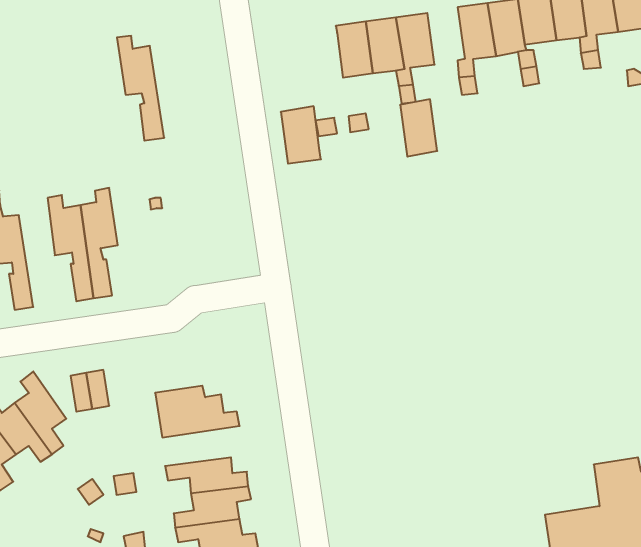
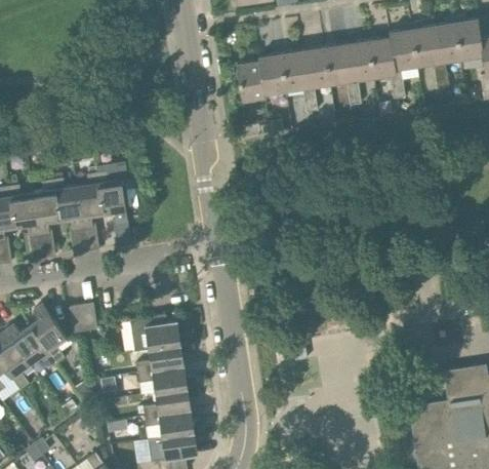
building: [117,36,164,141] -> [97,171,131,246]
building: [400,99,437,157] -> [325,43,352,84]
building: [281,106,321,164] -> [237,62,266,103]
building: none -> [33,180,58,258]
building: none -> [136,343,192,372]

